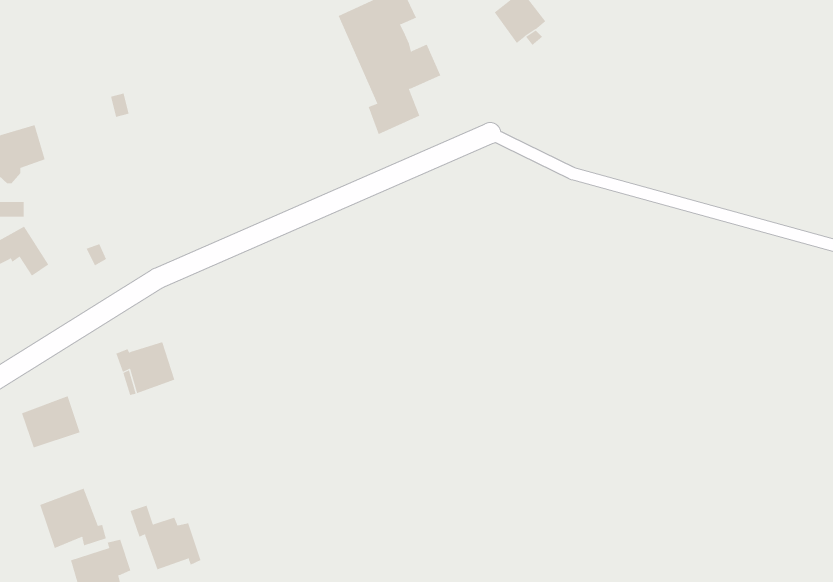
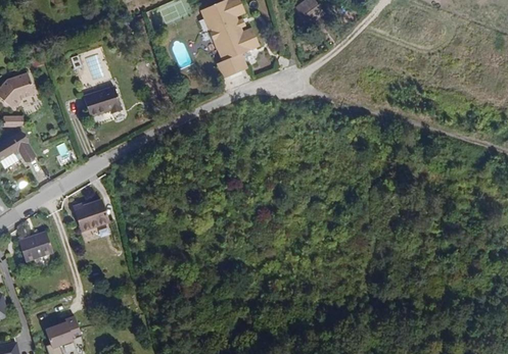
building: none -> [81,87,120,117]
building: [40,488,106,549] -> none
building: [130,505,201,570] -> none

